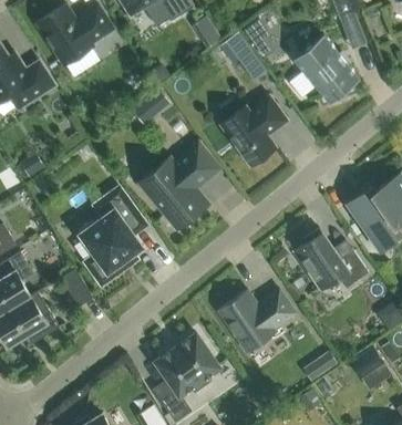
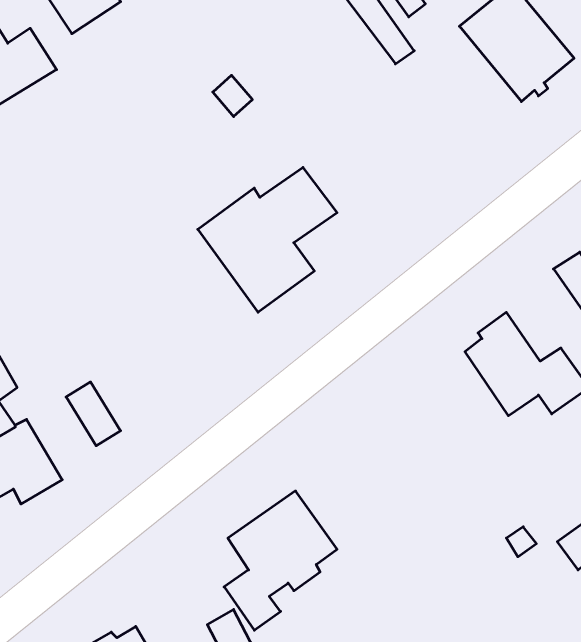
building: [219,94,287,166] -> none
building: [83,188,145,284] -> none
building: [217,289,295,351] -> none

